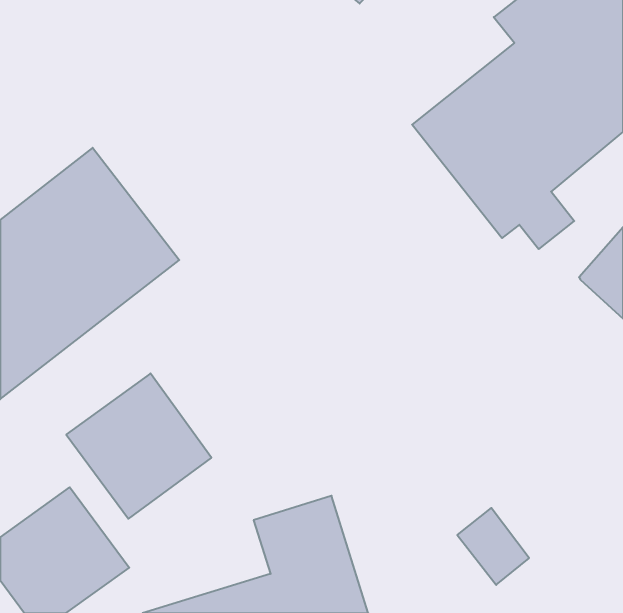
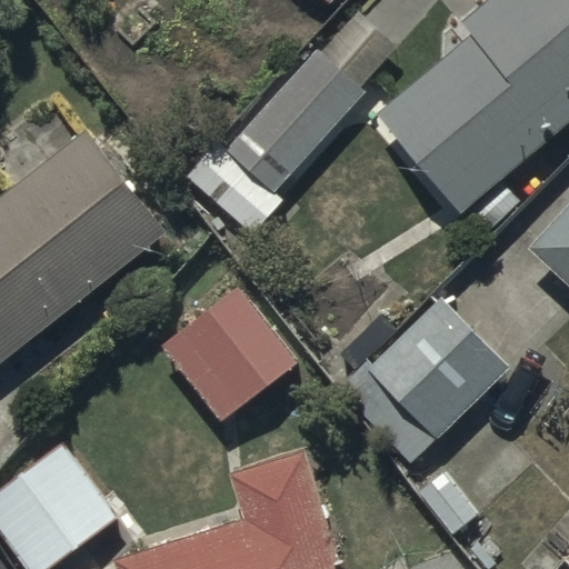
building: none -> [182,12,395,228]
building: none -> [336,298,507,461]
building: [66,373,211,519] -> [164,290,297,422]

